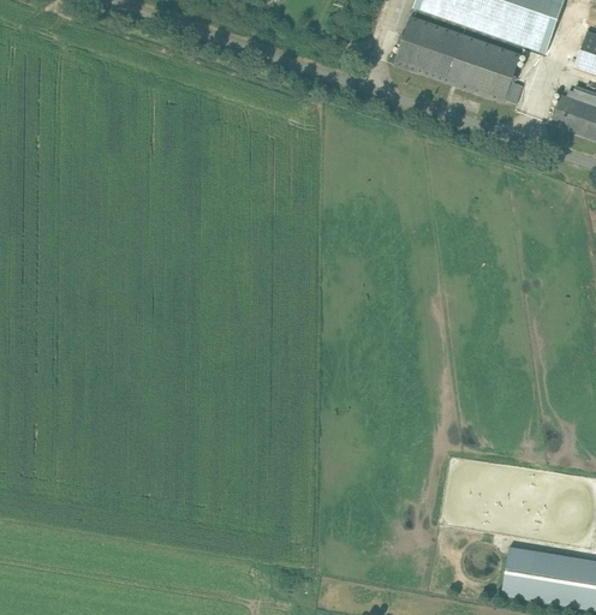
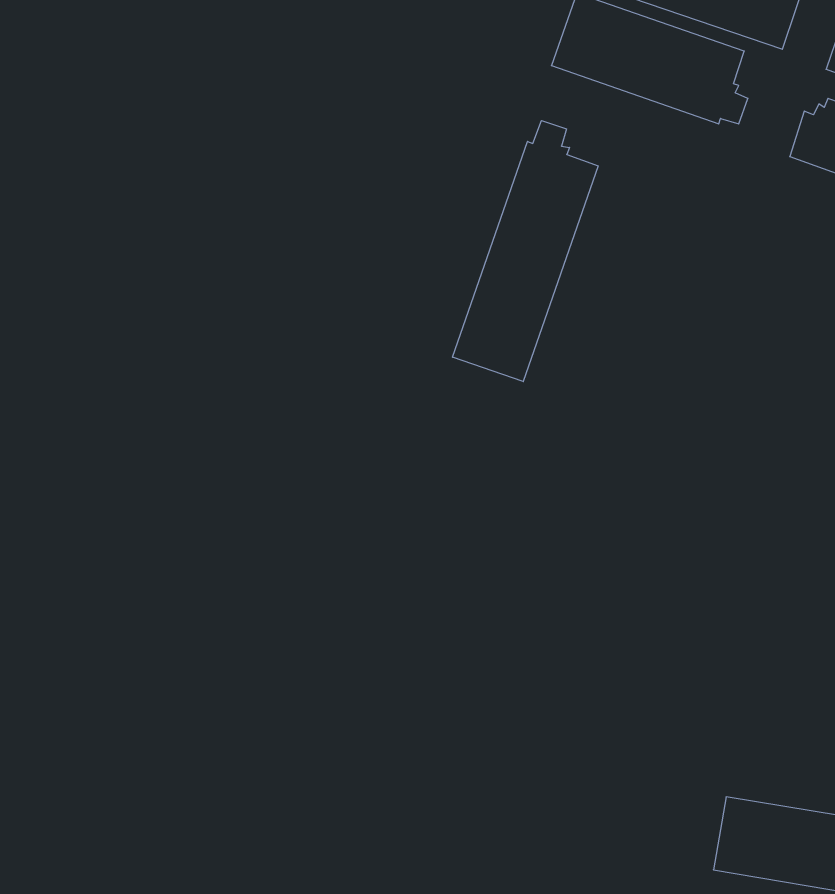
building: none -> [453,121,598,382]

